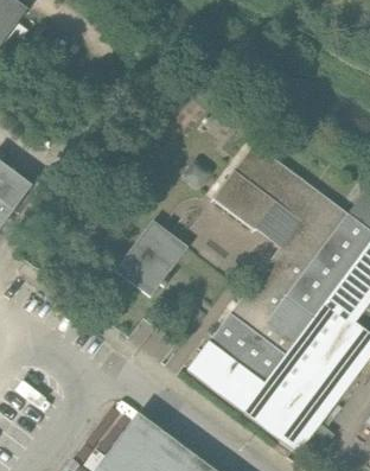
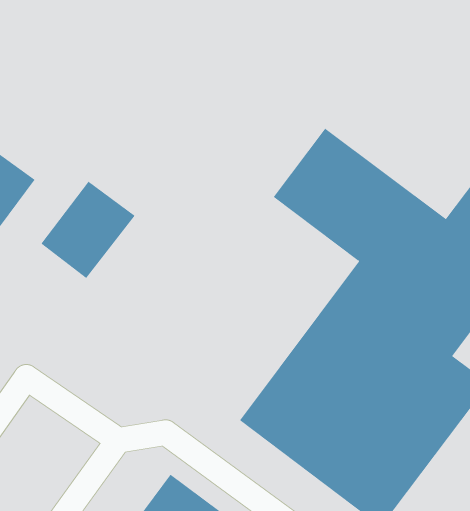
building: [114,221,187,297] -> [41,181,135,279]

